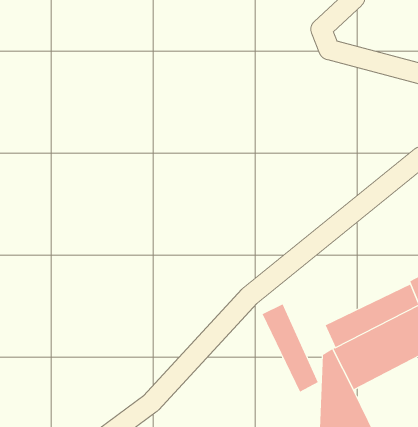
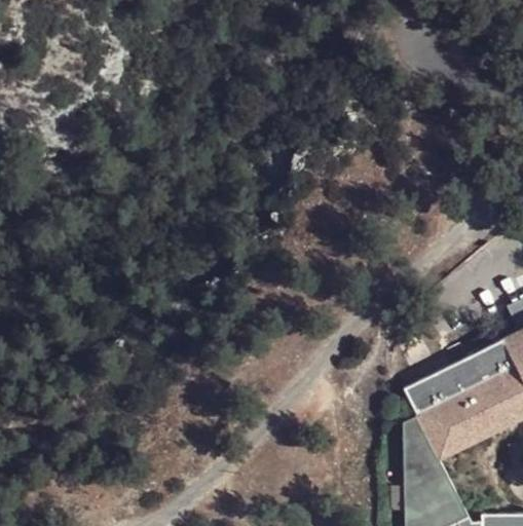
building: [262,303,318,393] -> none

